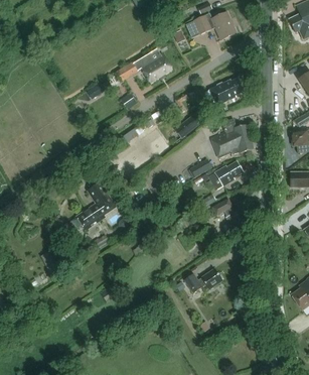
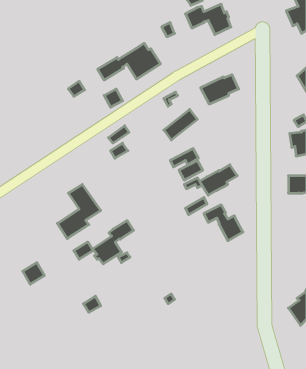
building: [210,119,254,158] -> none
building: none -> [92,221,134,264]
building: [184,268,222,292] -> none

